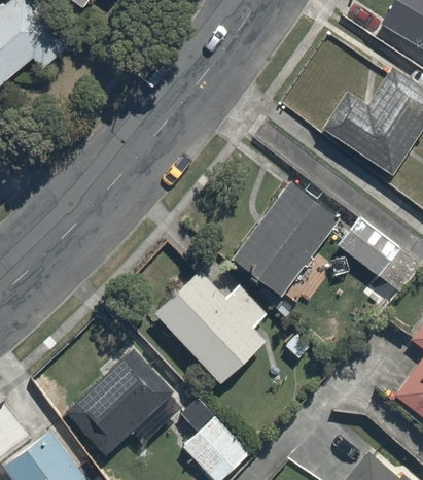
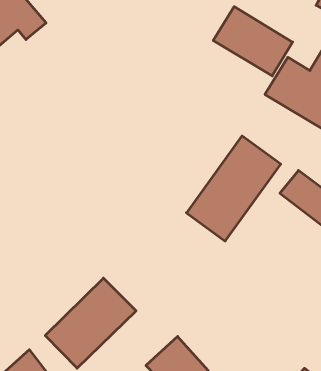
building: none -> [213,7,293,76]
building: [155,270,270,381] -> none

